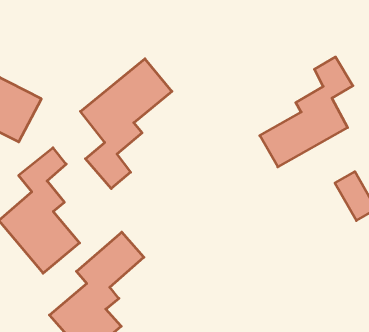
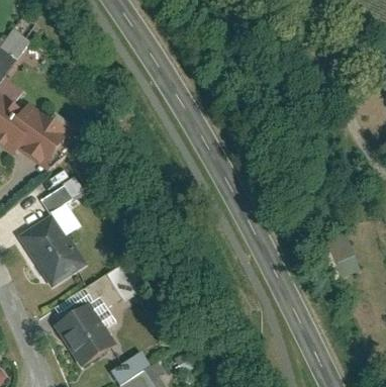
building: [260,57,353,167] -> none
building: [80,59,172,189] -> none

